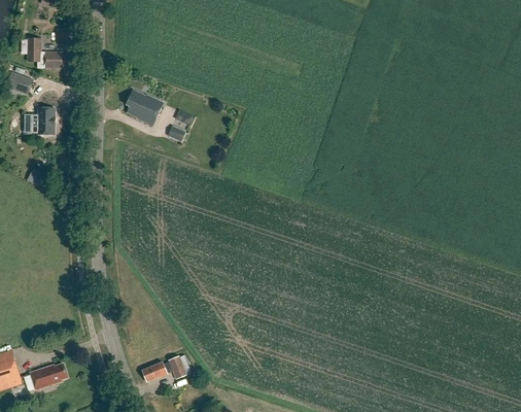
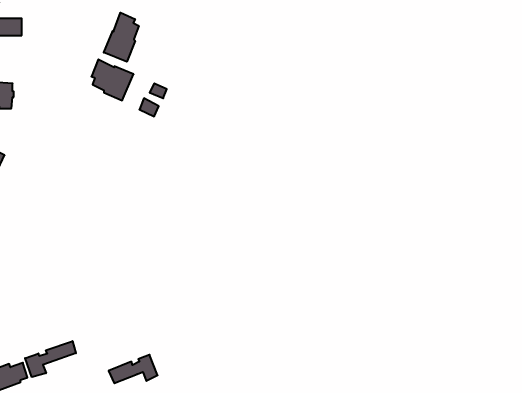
building: none -> [104,13,139,62]
building: none -> [25,341,76,377]

